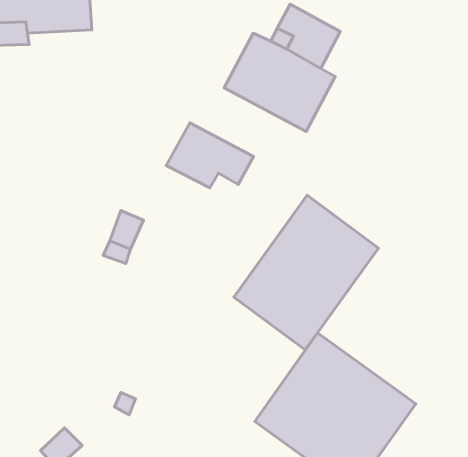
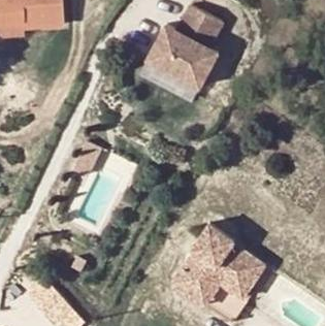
building: [166,123,253,188] -> none
building: [234,195,379,350] -> none

